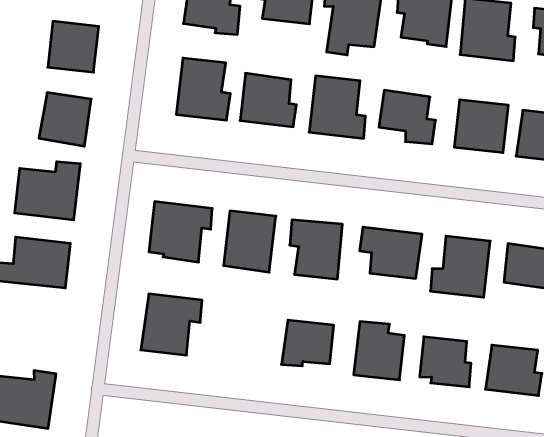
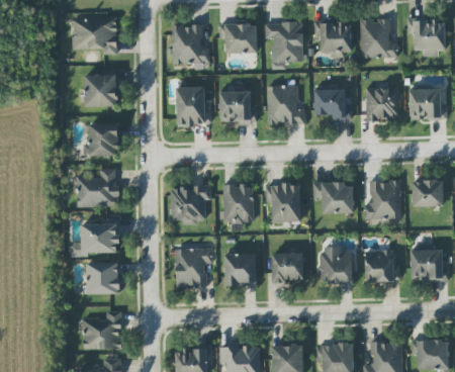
building: none -> [85,262,119,294]
building: none -> [223,253,256,285]

